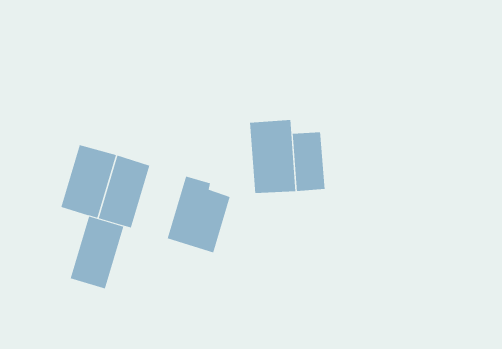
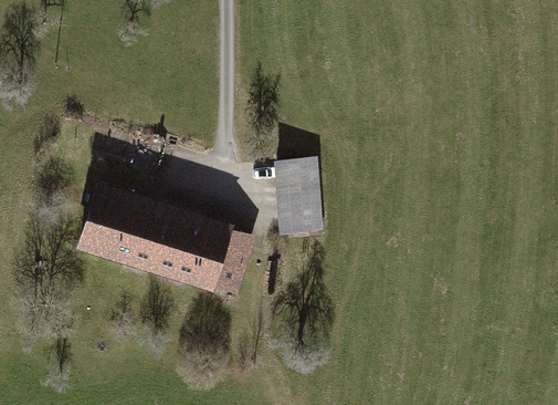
building: [292,131,325,192] -> none
building: [70,216,124,289] -> [149,205,207,282]

